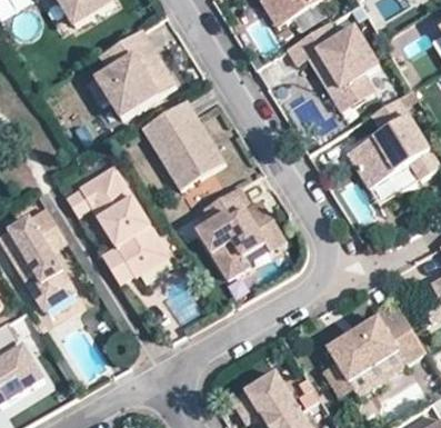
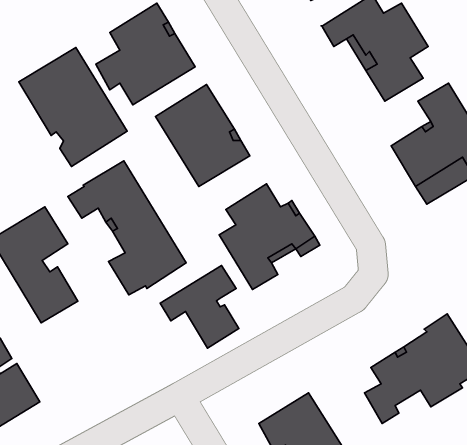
building: none -> [19,47,127,166]
building: none -> [160,266,239,348]

